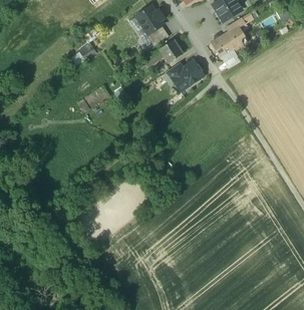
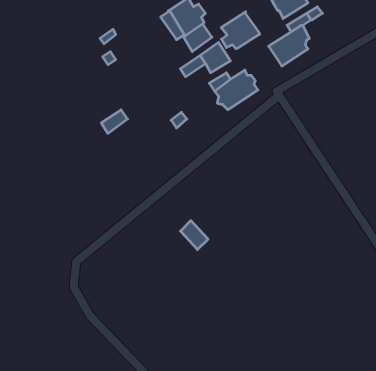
building: none -> [221,12,260,49]

